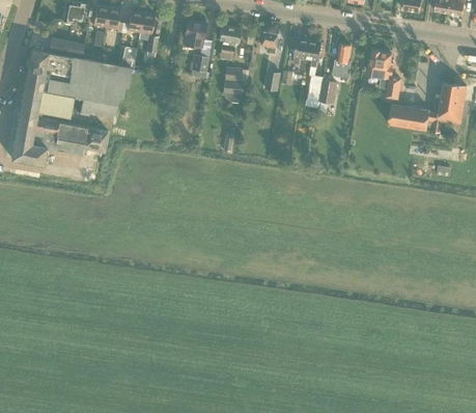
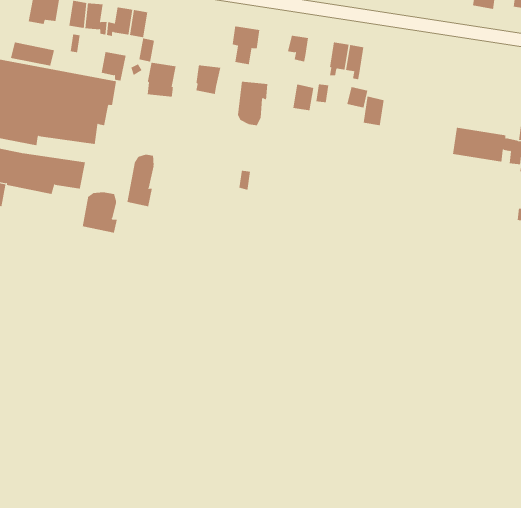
building: [184,20,206,47] -> [147,62,176,97]
building: [333,44,351,77] -> none
building: [367,50,402,100] -> none
building: none -> [127,154,154,207]
building: none -> [82,192,118,233]

